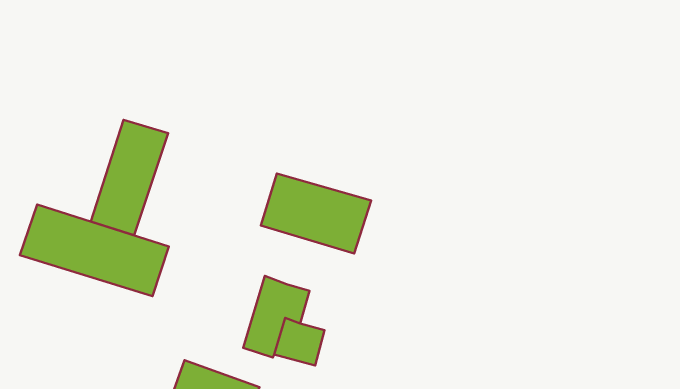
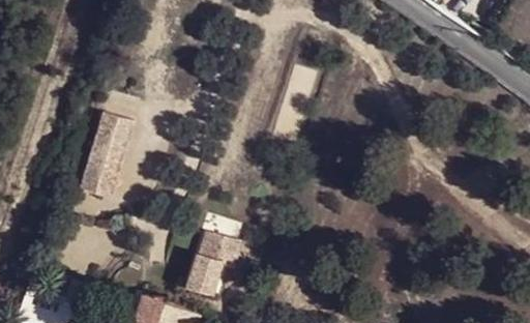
building: [261,174,371,254] -> none
building: [20,204,169,296] -> none

